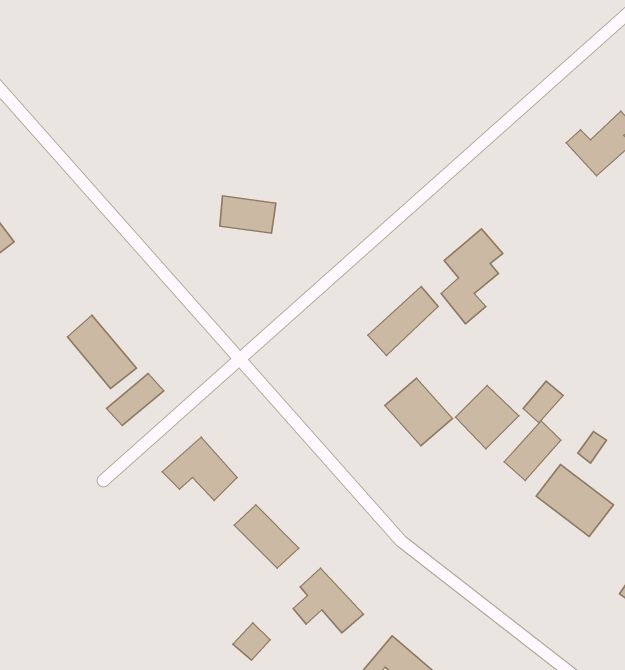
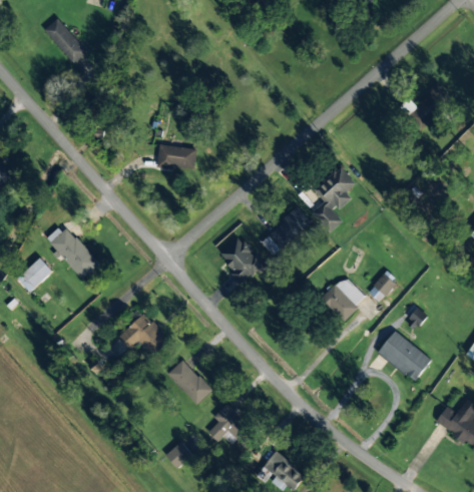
building: none -> [44,17,86,63]
building: none -> [16,258,52,293]
building: [106,373,164,426] -> none
building: [385,378,452,446] -> [216,235,264,283]
building: [504,421,561,480] -> none

